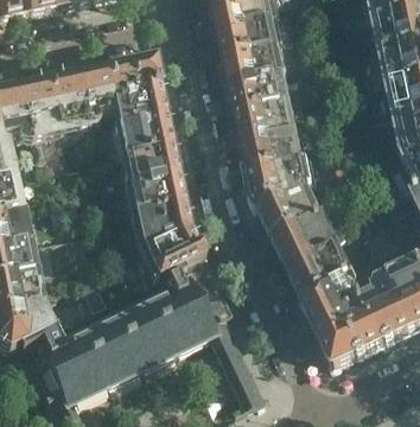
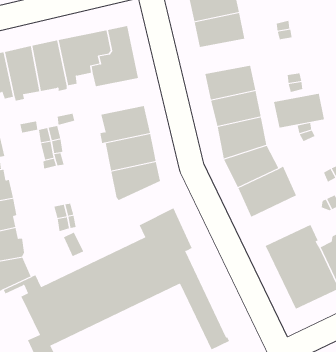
building: [229,68,285,106] -> [273,93,325,128]
building: [110,110,170,149] -> none
building: [141,222,202,273] -> none
building: [285,237,350,292] -> none

